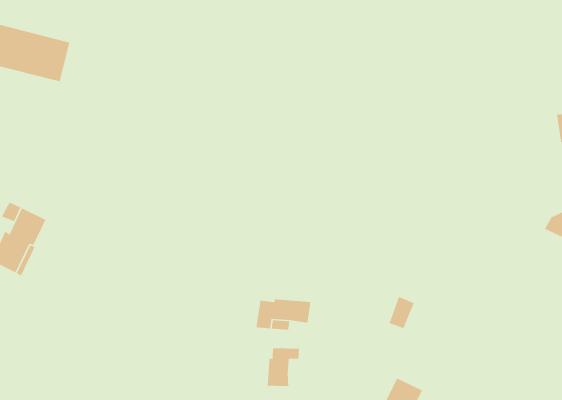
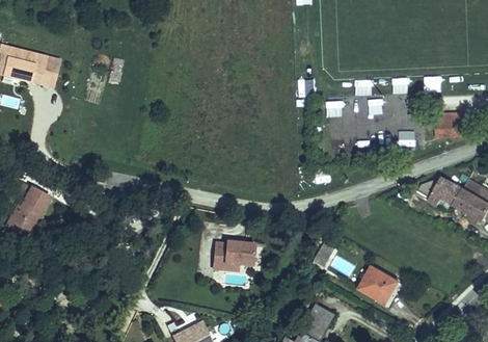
building: none -> [357,268,395,302]
building: [267,348,300,387] -> none

